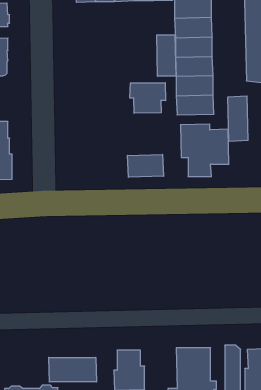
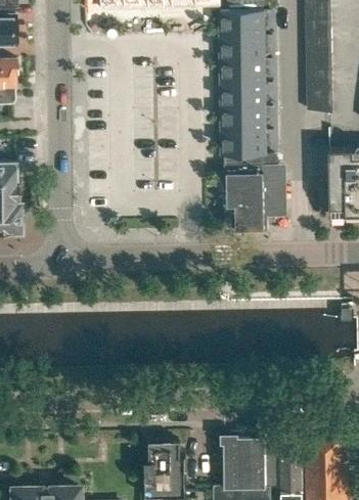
building: [157,35,176,76] -> none
building: [130,83,166,113] -> none
building: [228,96,248,141] -> none
building: [127,154,164,177] -> none
building: [49,357,96,382] -> none

